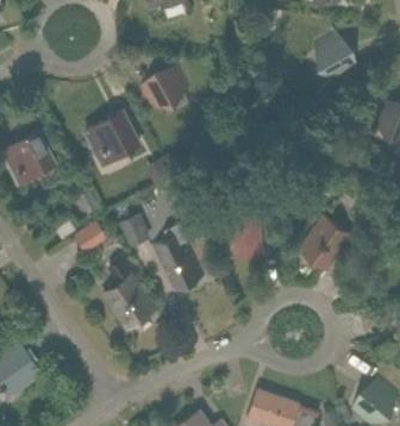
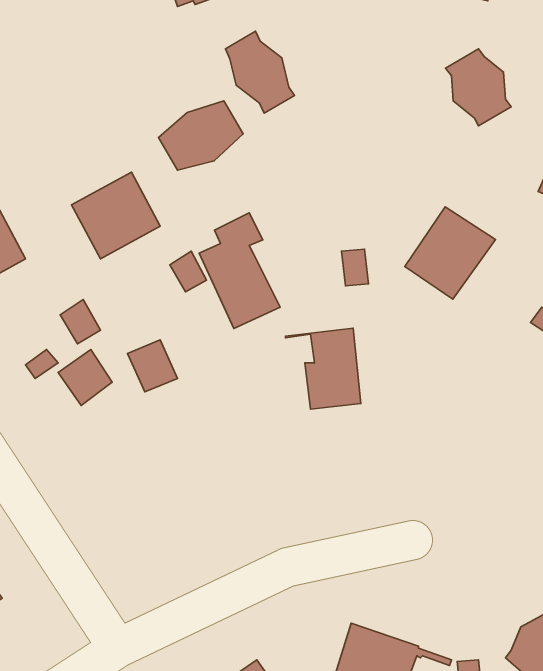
building: none -> [225,31,294,113]
building: [296,217,352,274] -> [405,207,495,299]
building: [154,221,204,293] -> [199,213,280,328]
building: [104,257,156,331] -> none

